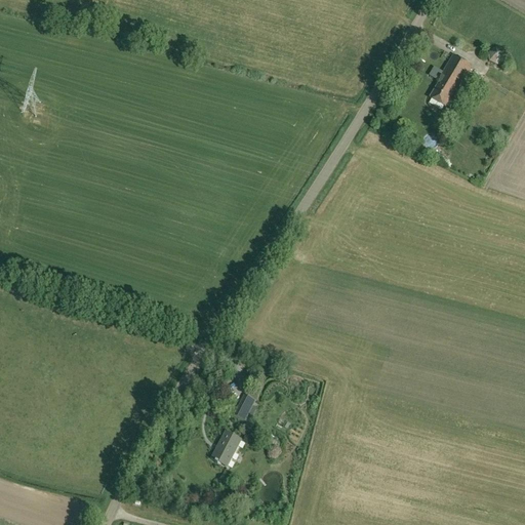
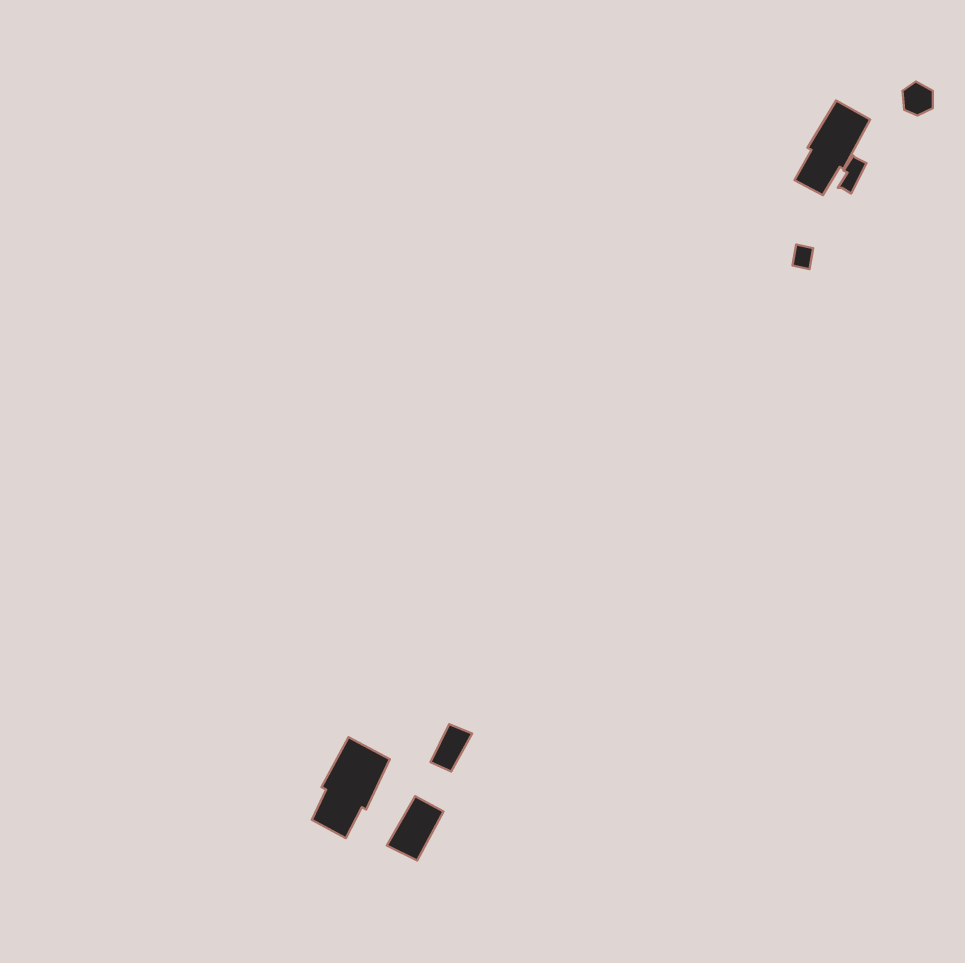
building: none -> [312,737,390,838]

